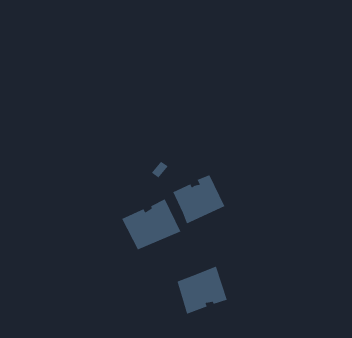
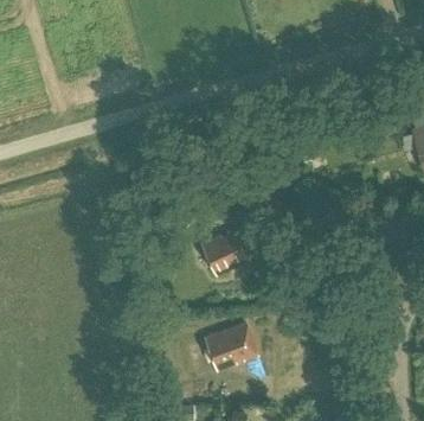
building: [121,198,182,250] -> none

